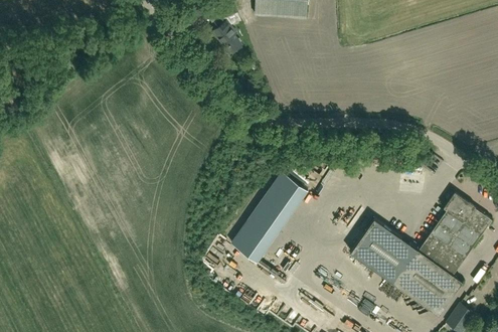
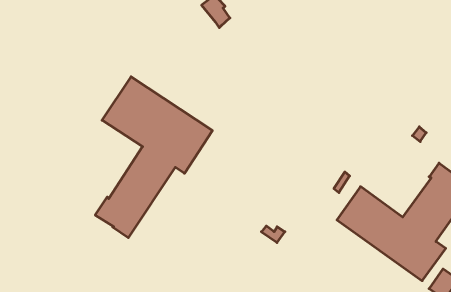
building: none -> [95,77,212,238]
building: [235,167,314,261] -> none

